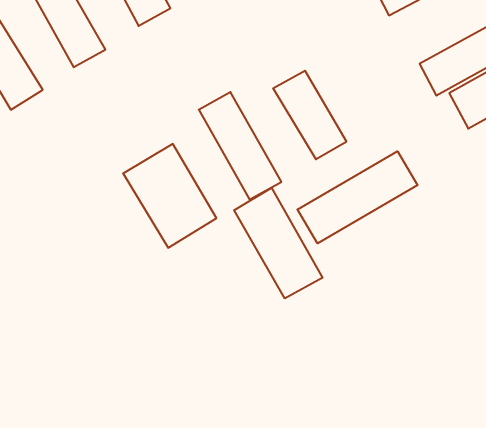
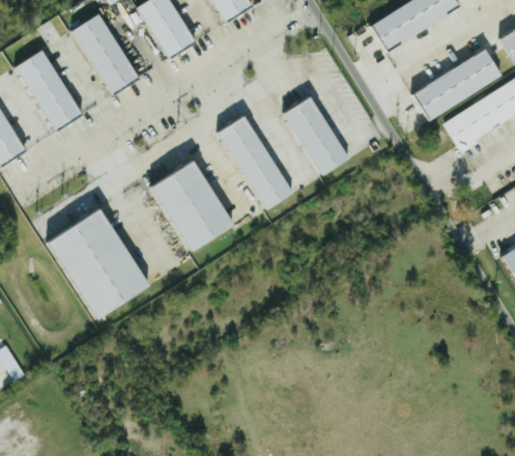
building: [297,151,418,243] -> none
building: [234,188,322,298] -> none
building: none -> [49,209,150,320]

